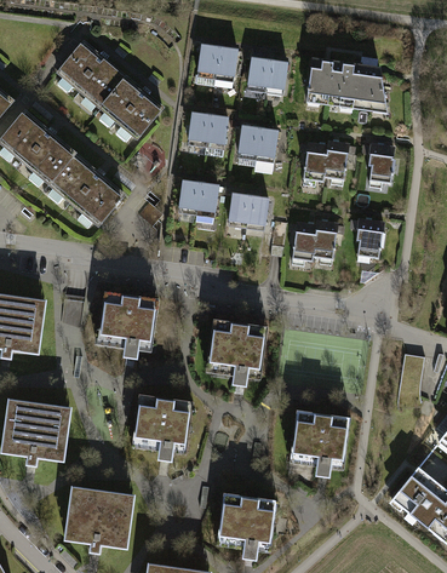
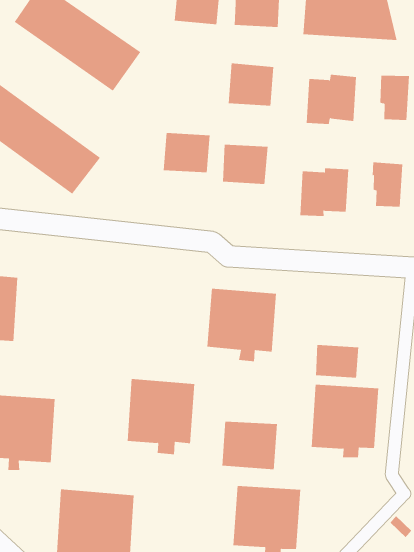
building: [187,110,229,149] -> none
building: [94,287,159,356] -> none
building: none -> [316,344,359,378]
building: none -> [222,421,278,470]

